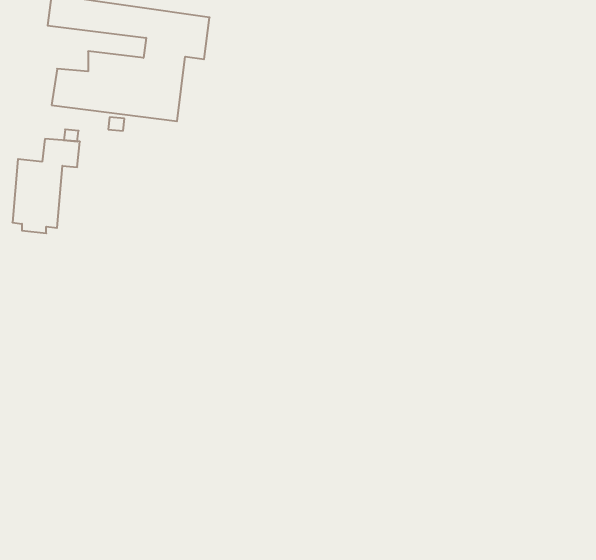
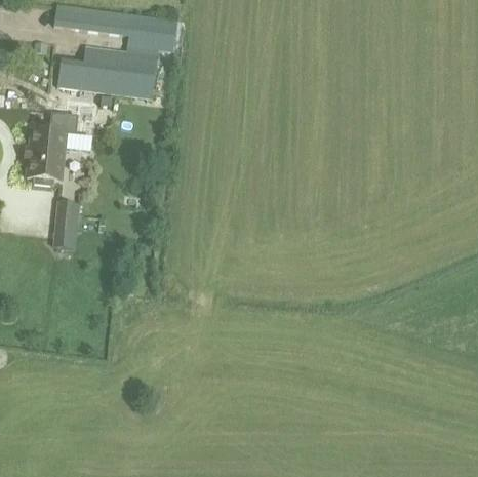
building: none -> [53,215,77,248]

